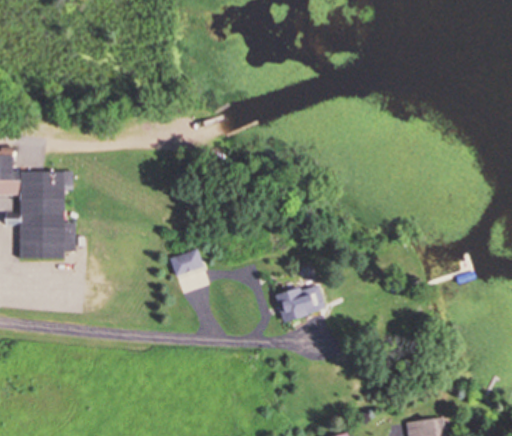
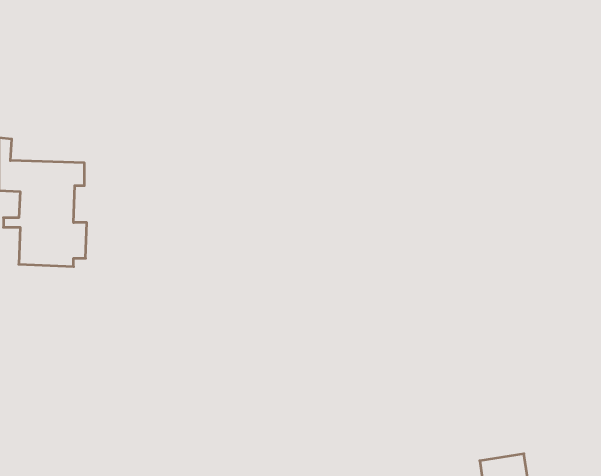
building: [169,248,202,275] -> none
building: [274,283,323,320] -> none

